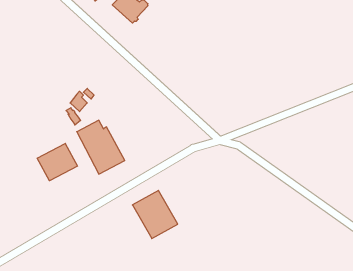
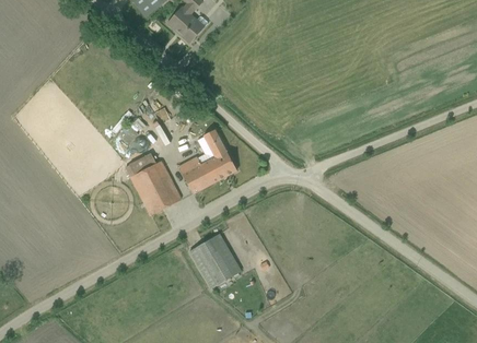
building: none -> [178,129,236,192]
building: [37,143,77,181] -> none

